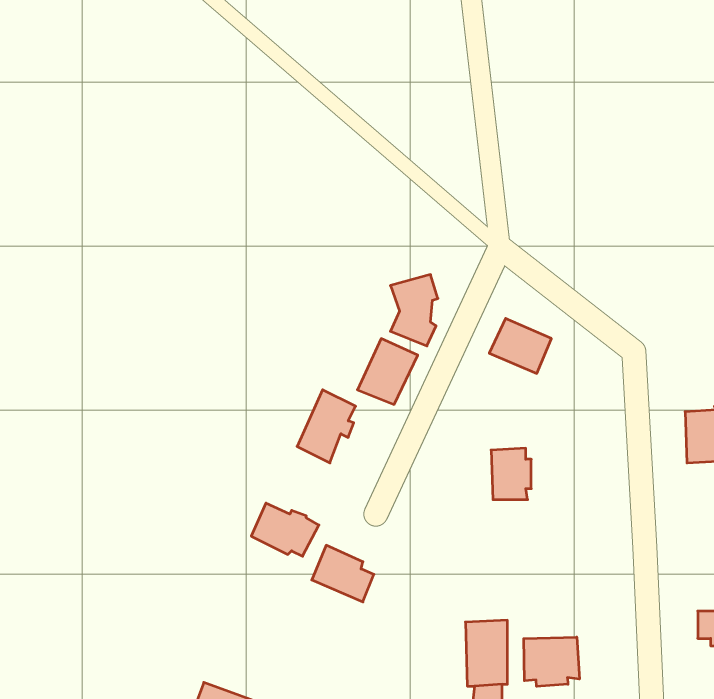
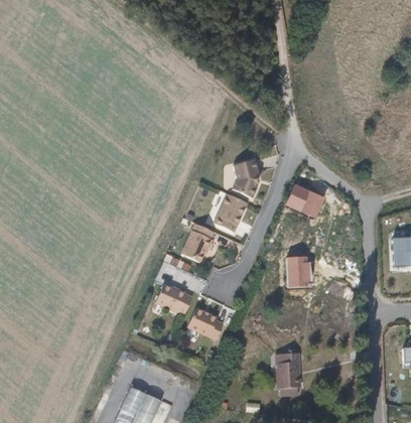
building: [524,637,579,686] -> none

